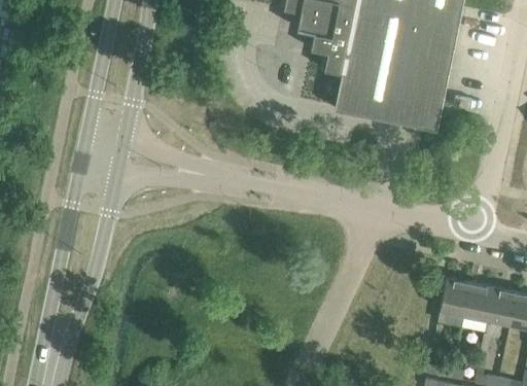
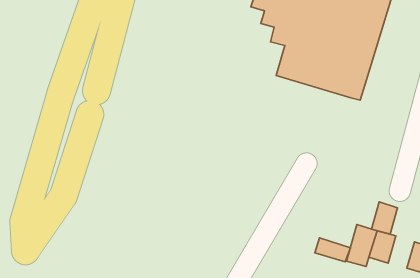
building: [487,287,516,324] -> [371,202,398,234]
building: none -> [315,238,350,262]

